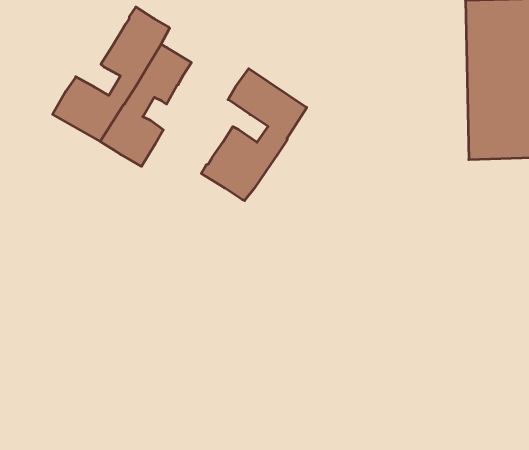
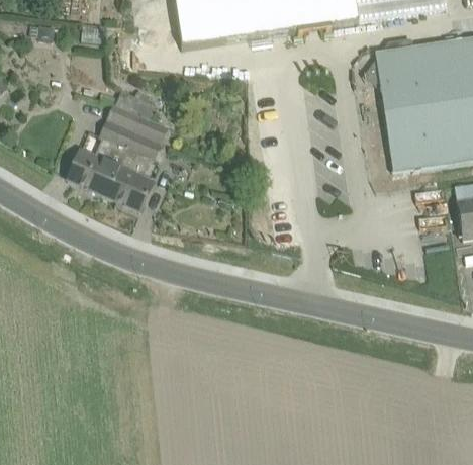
building: [201,69,307,201] -> none

